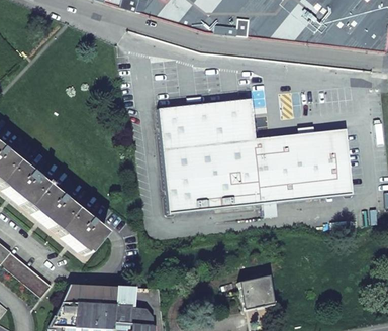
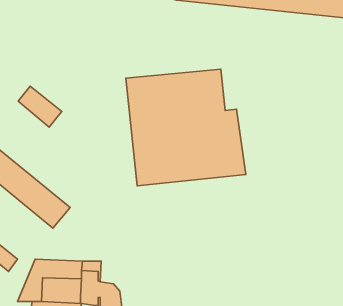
building: none -> [18,86,62,127]
building: [267,129,353,202] -> none
building: [239,275,275,308] -> none

